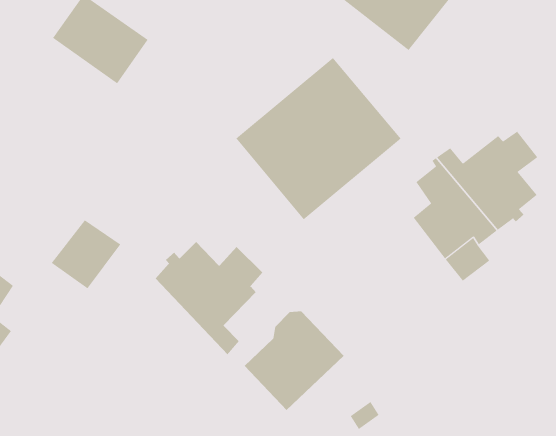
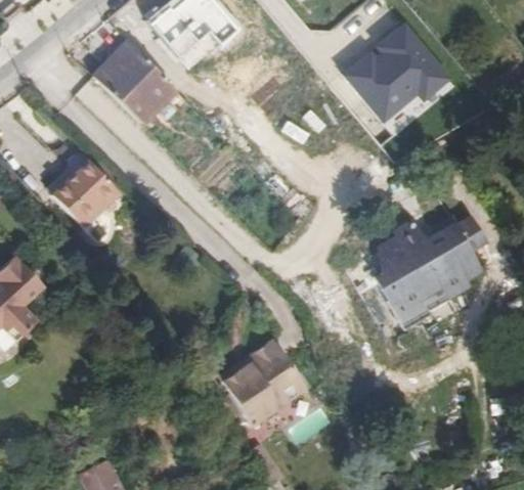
building: [235,57,401,220] -> none
building: [51,220,121,289] -> [51,159,112,216]
building: [155,241,263,355] -> none

